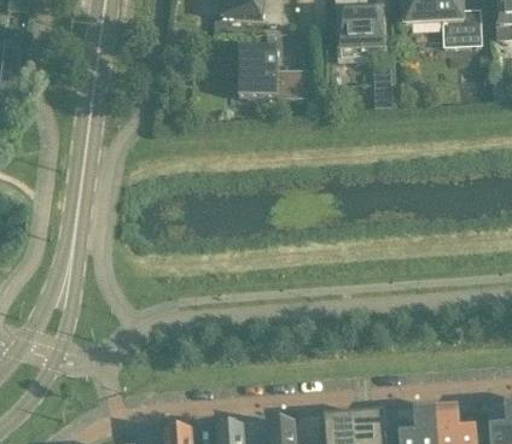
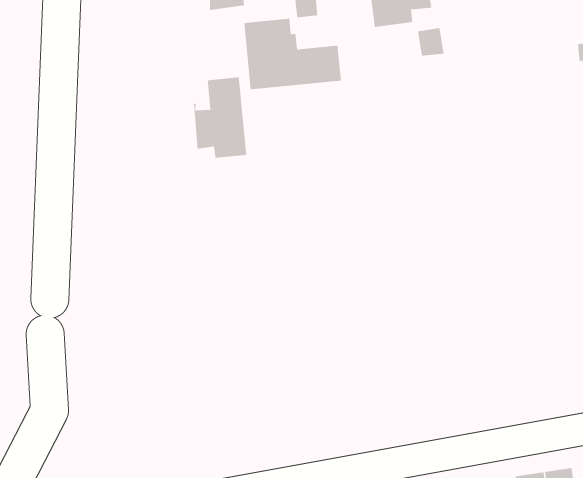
building: none -> [194,77,247,159]

